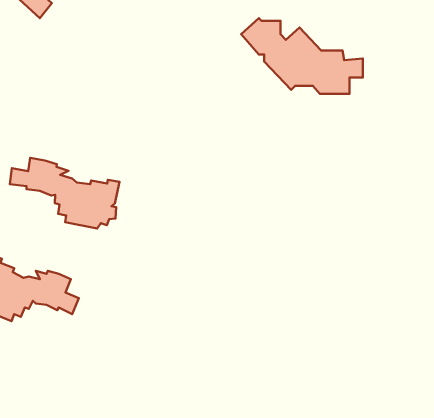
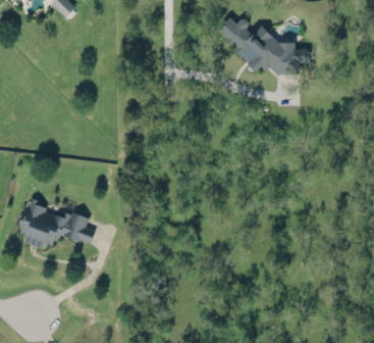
building: [10,158,119,228] -> none

